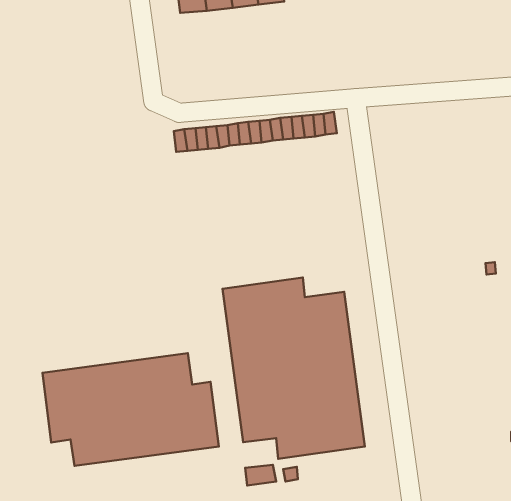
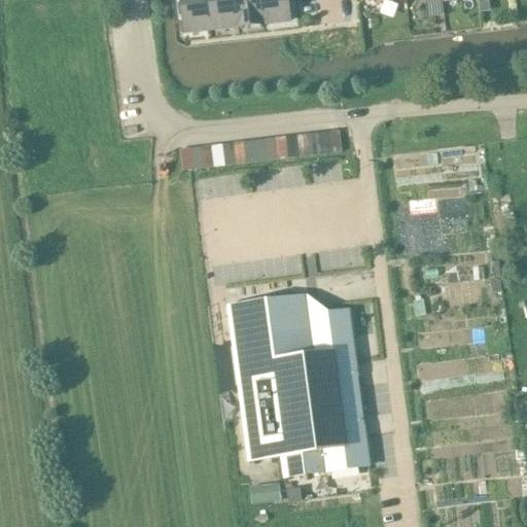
building: [43,353,219,466] -> none

